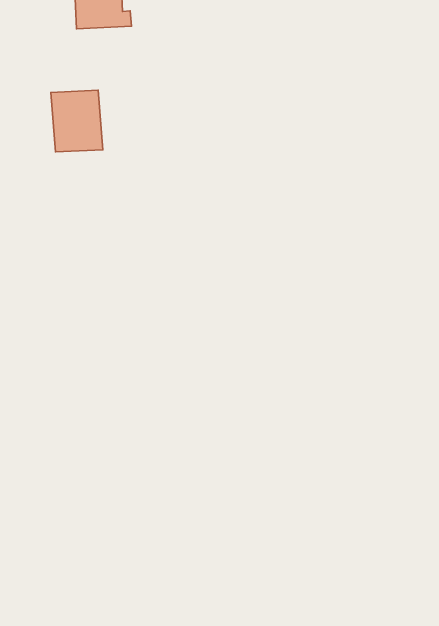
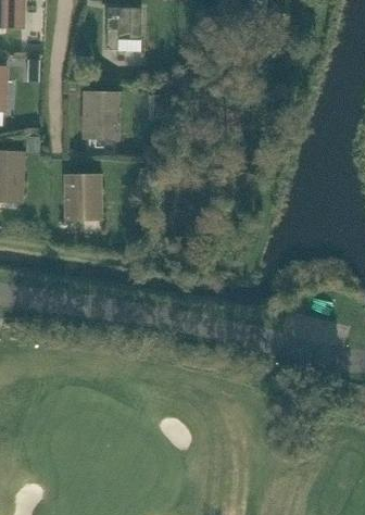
building: none -> [66,176,100,218]

